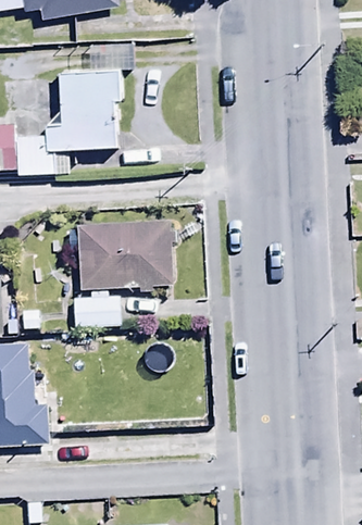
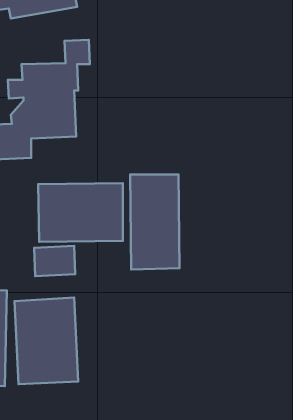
building: none -> [130,174,179,269]
building: none -> [15,298,78,384]

